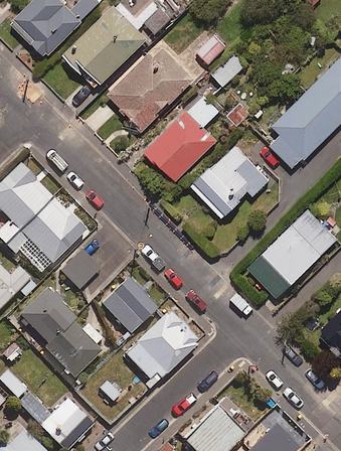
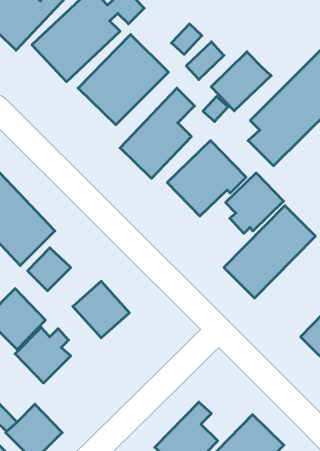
building: none -> [211,52,271,111]
building: none -> [226,173,284,233]
building: [124,310,199,385] -> none

